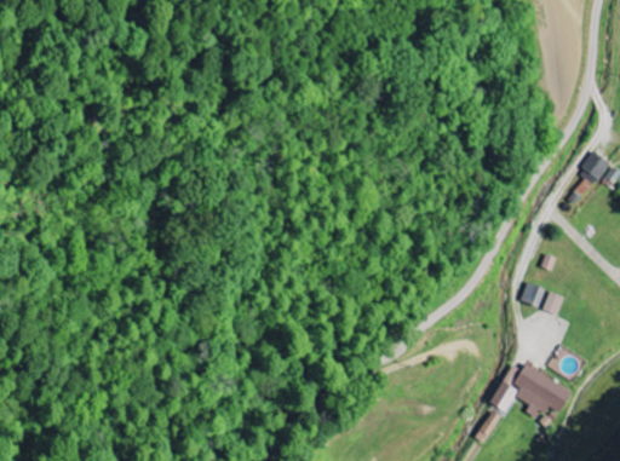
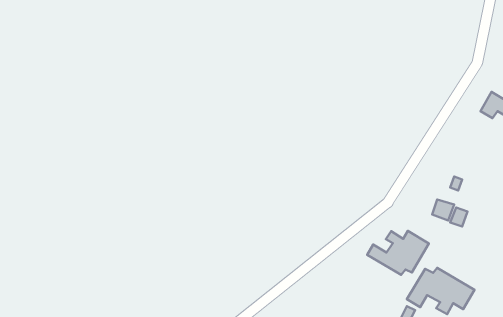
building: none -> [367,231,429,275]

